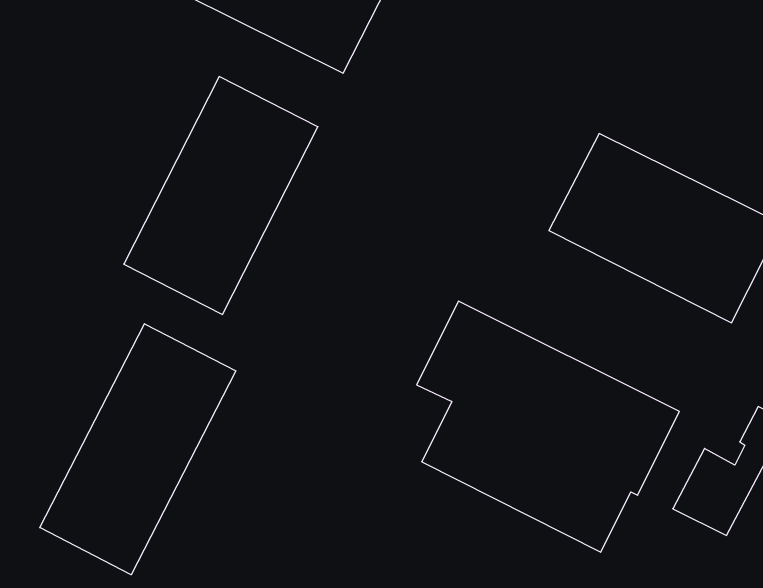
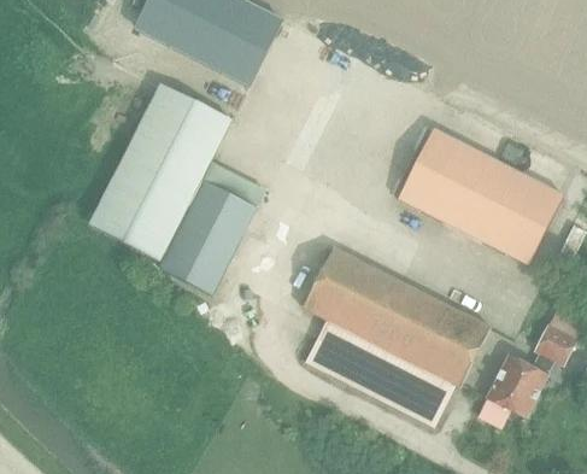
building: none -> [158,179,256,294]
building: [40,324,236,575] -> none

